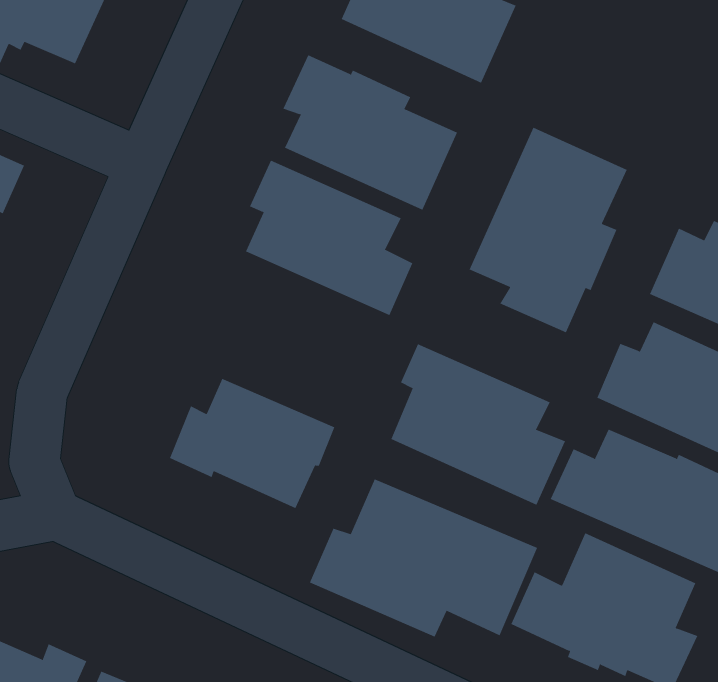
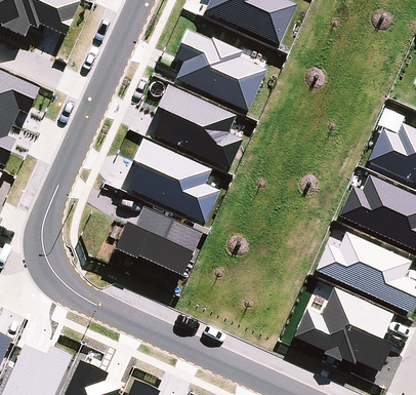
building: [469,127,627,333] -> none
building: [390,344,566,505] -> [127,133,219,219]
building: [309,479,538,637] -> none

